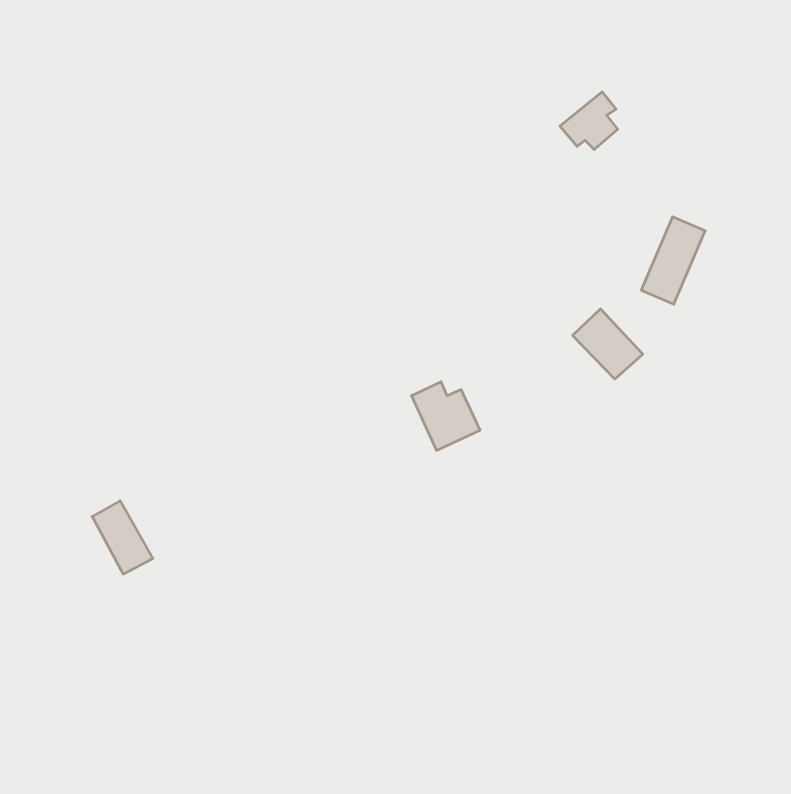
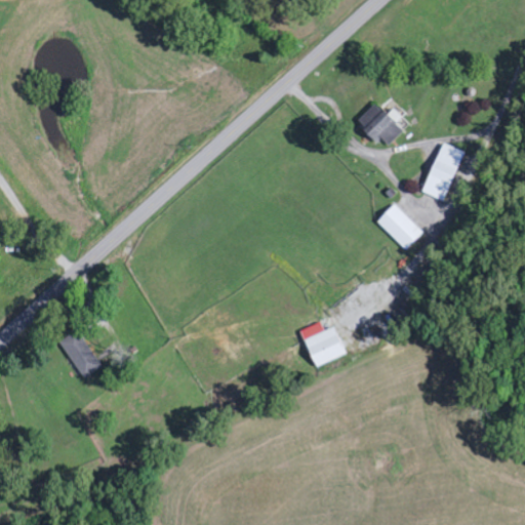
building: [560,92,618,150] -> [364,106,402,144]
building: [411,382,480,450] -> [300,321,346,366]

